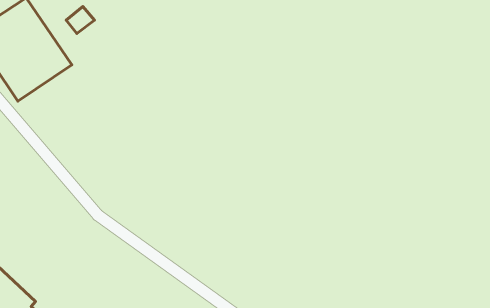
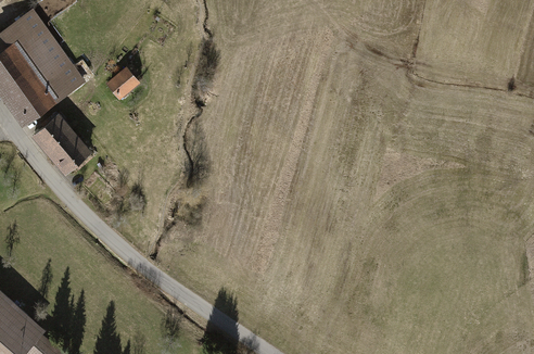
building: [66,7,94,34] -> [109,72,138,100]
building: none -> [35,116,88,172]

